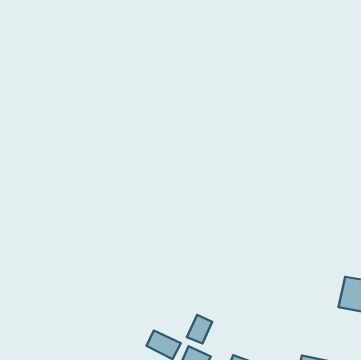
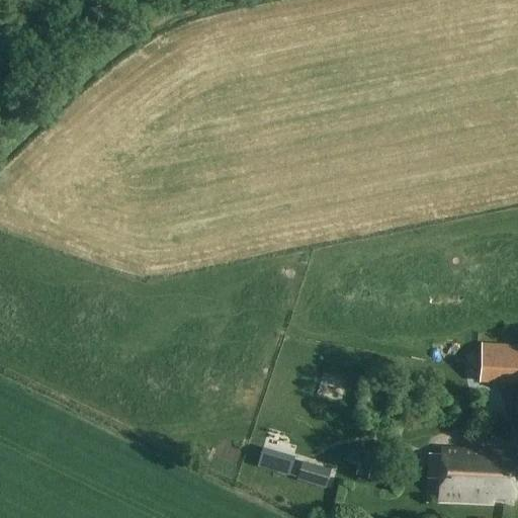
building: [187,315,212,344] -> none

